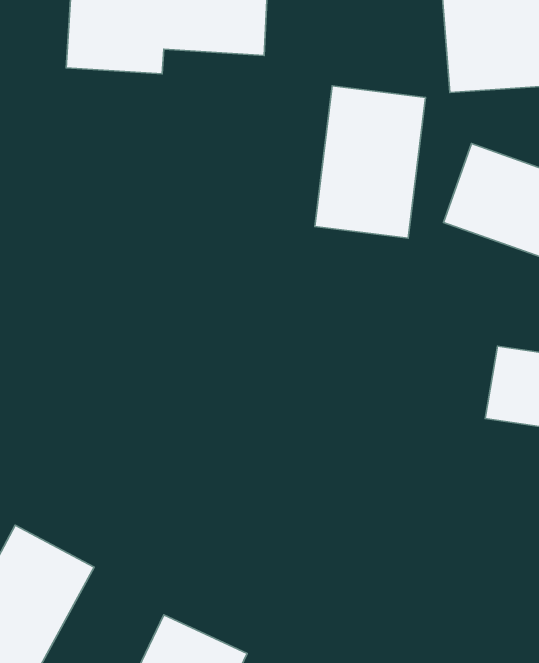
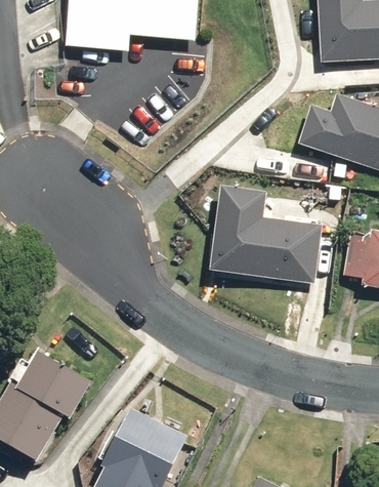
building: [315,86,426,238] -> none
building: none -> [207,187,322,282]

